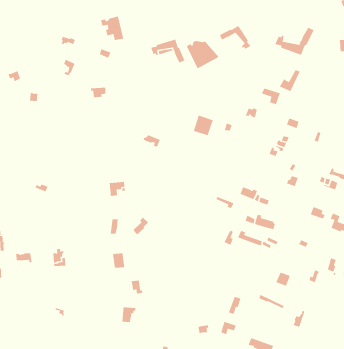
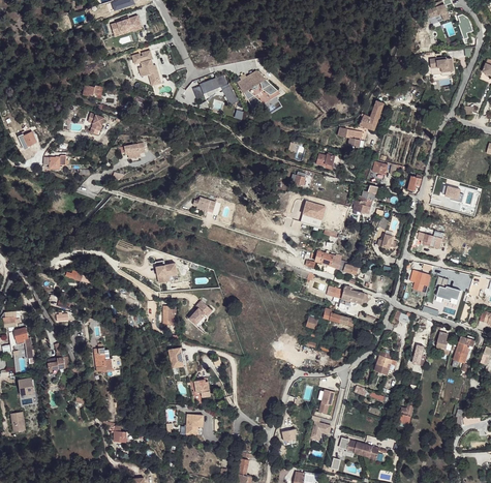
building: [219,25,251,50] -> none
building: [274,26,315,56] -> none
building: [193,114,214,136] -> [300,200,325,225]

